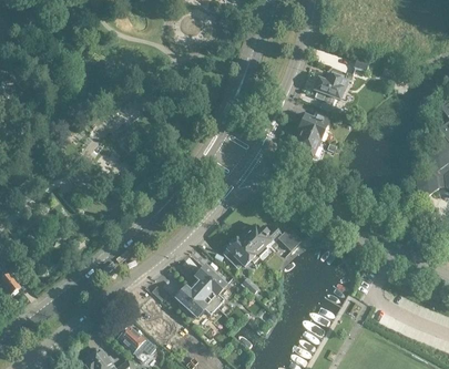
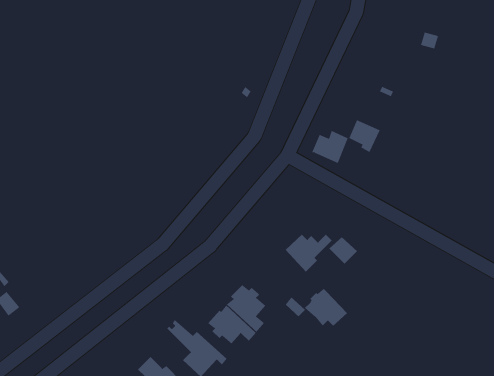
building: [310,71,346,99] -> none
building: [296,110,327,139] -> [311,130,348,165]
building: [220,235,256,267] -> [304,288,348,327]

